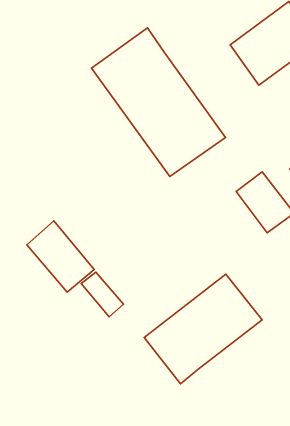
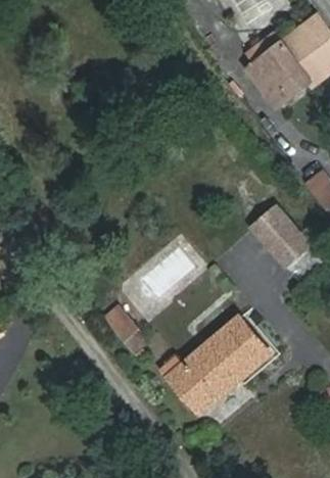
building: [91,28,226,176] -> none
building: [27,221,94,292] -> none

